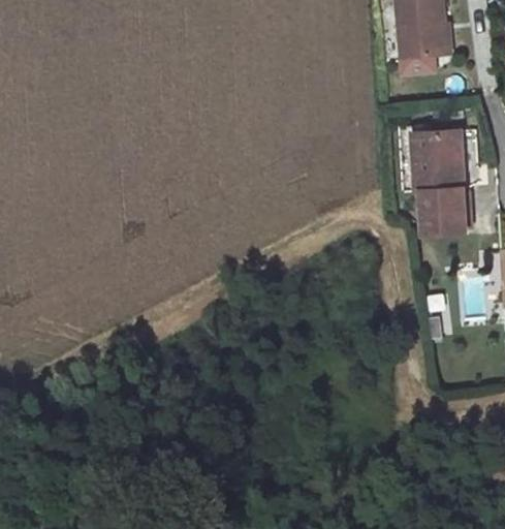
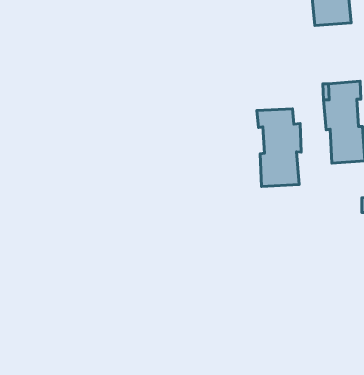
building: none -> [257,109,301,186]

